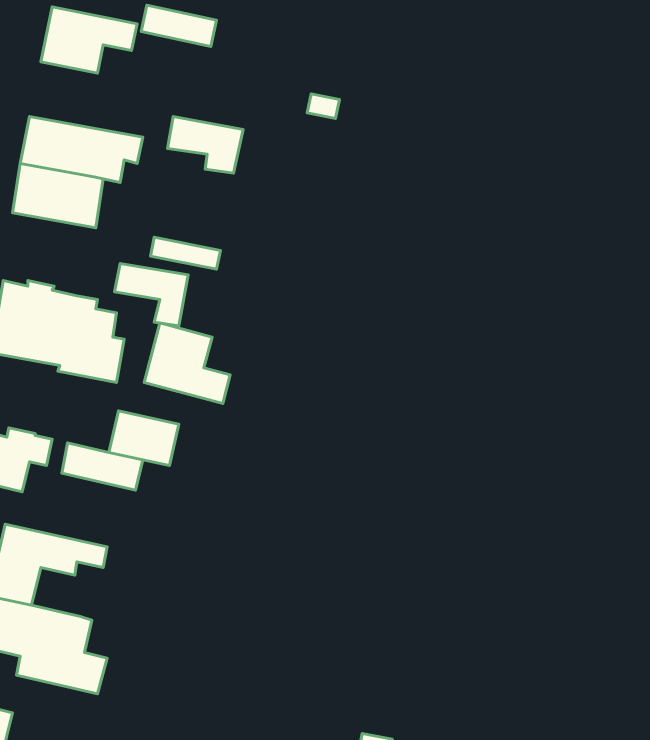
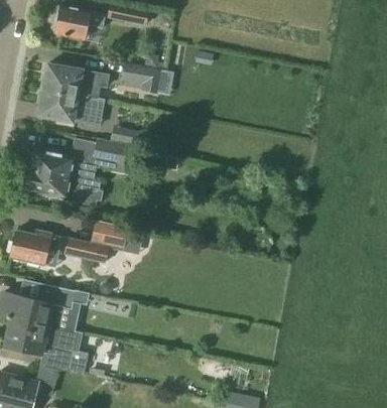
building: [144,323,230,404] -> none

